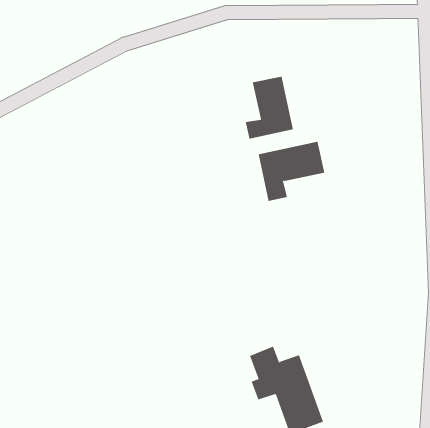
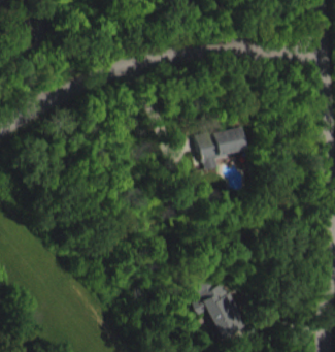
building: [245,76,294,140] -> none

